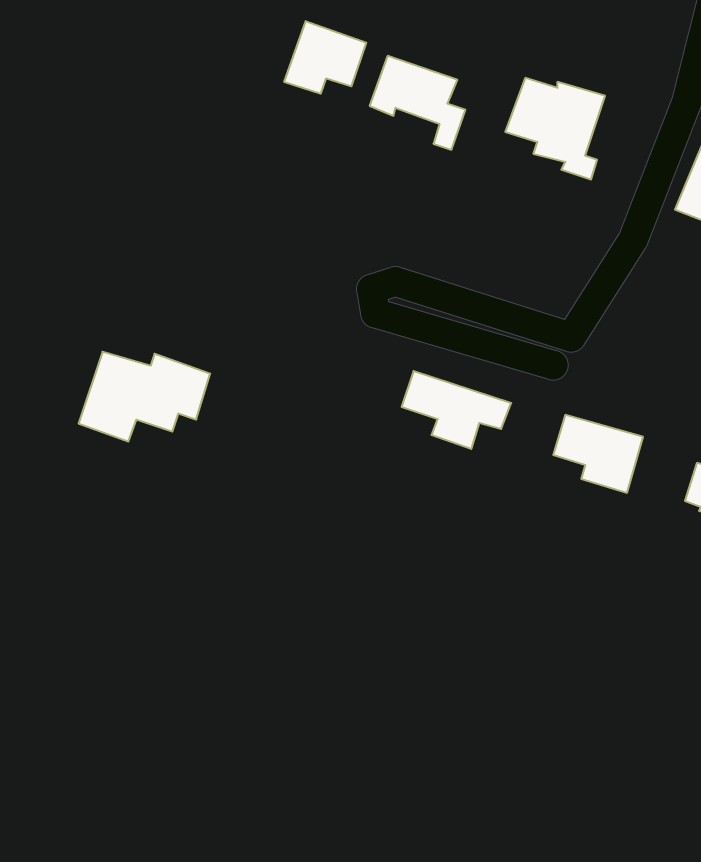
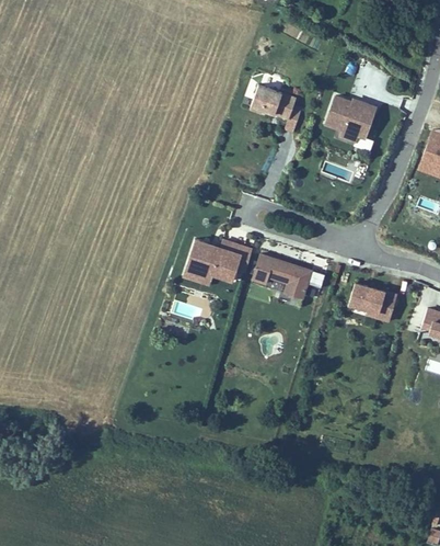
building: [284,21,366,94] -> none
building: [79,352,210,442] -> [181,237,253,286]

